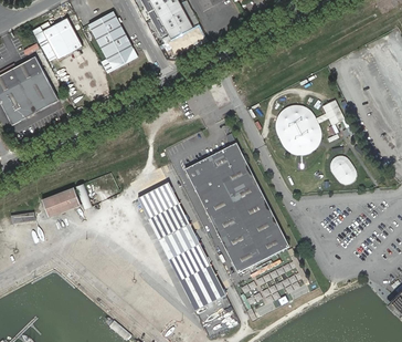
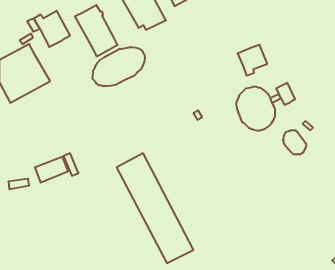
building: none -> [238,45,267,76]
building: none -> [93,47,145,86]
building: [186,143,289,272] -> none

